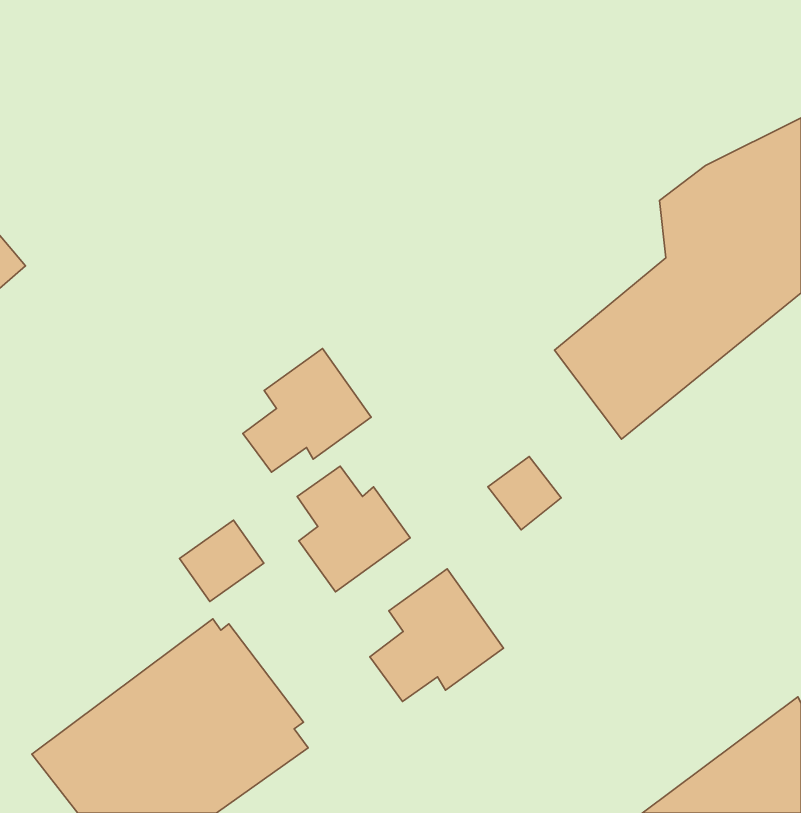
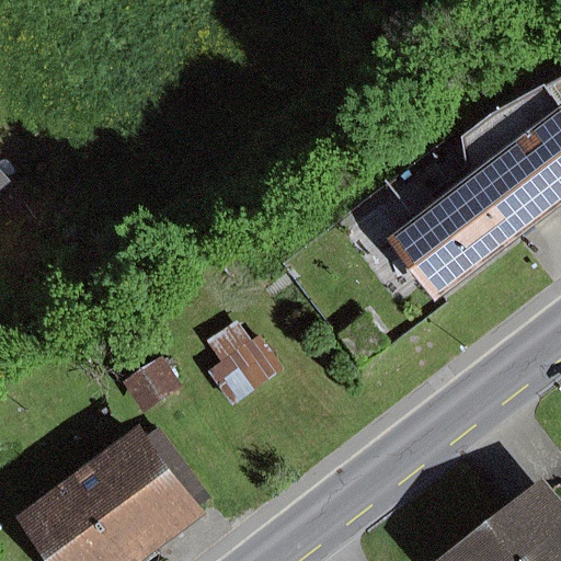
building: [243,349,371,472] -> none
building: [370,569,504,701] -> none

